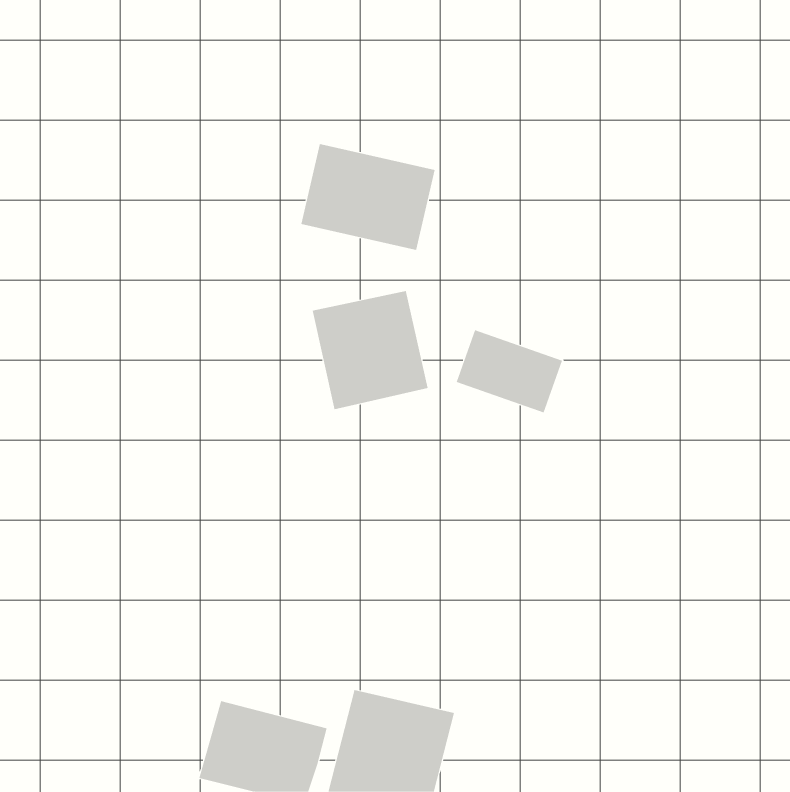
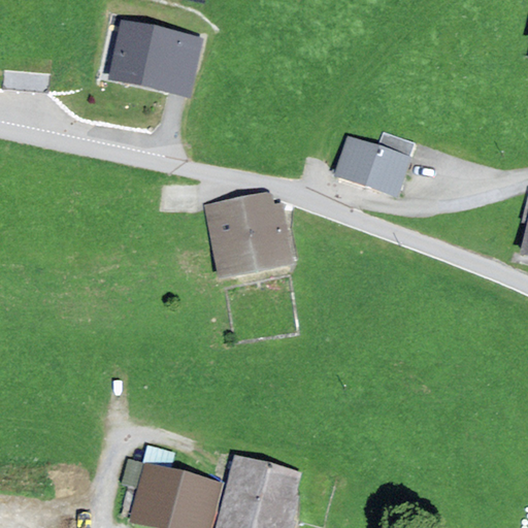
building: [300,143,436,251] -> [110,22,200,93]
building: [456,329,563,413] -> [335,137,406,193]

